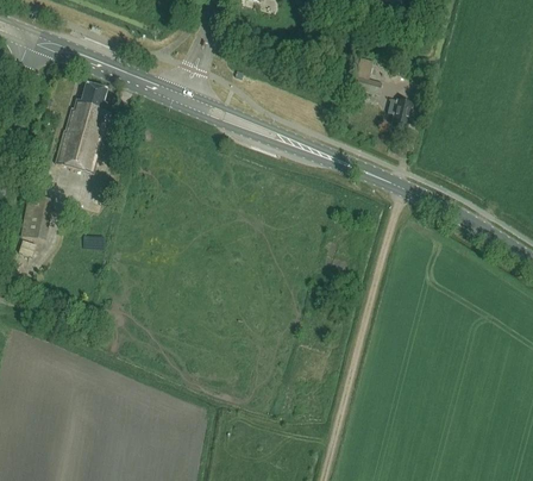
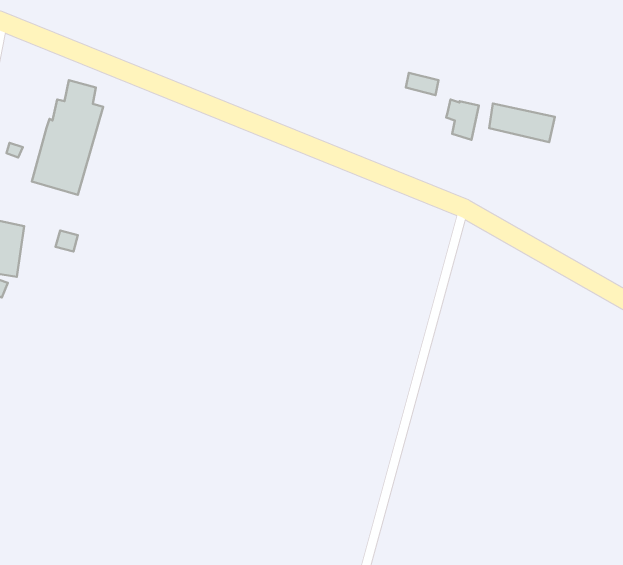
building: none -> [489,104,555,142]

